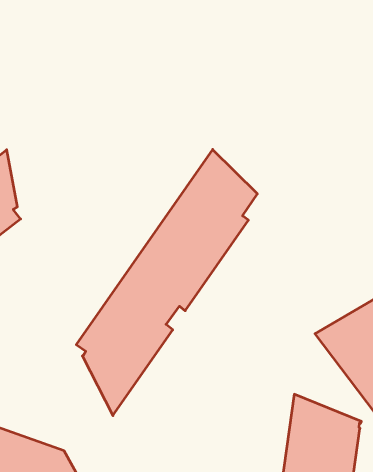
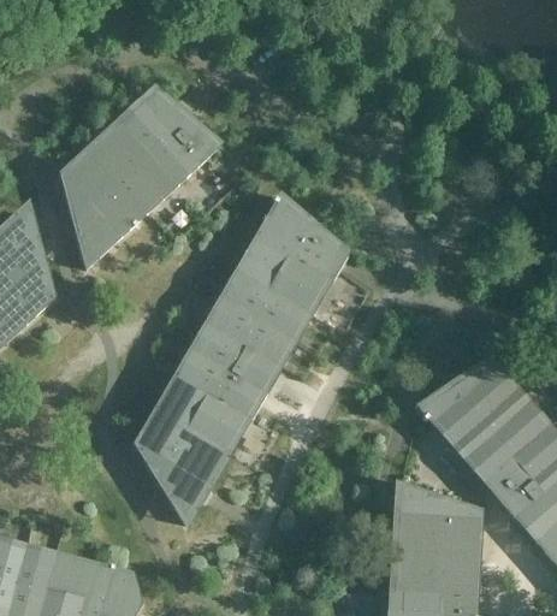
building: none -> [60,90,219,268]

